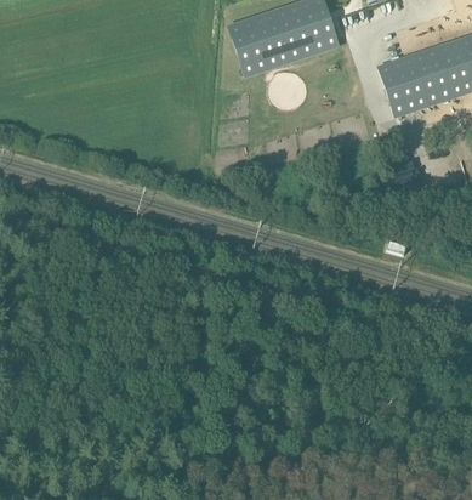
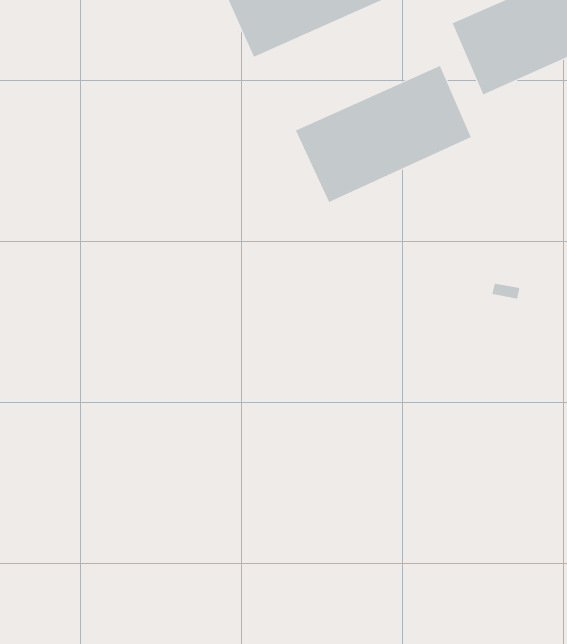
building: none -> [295,65,471,203]

